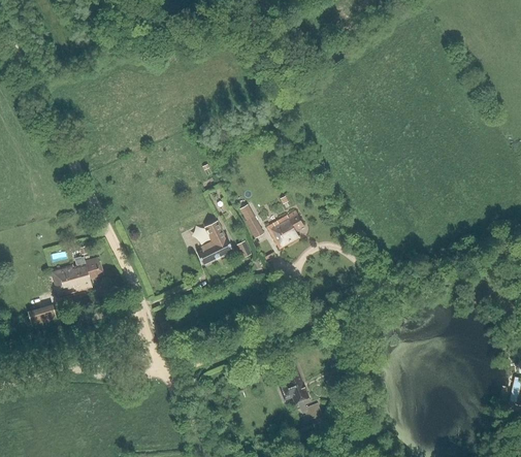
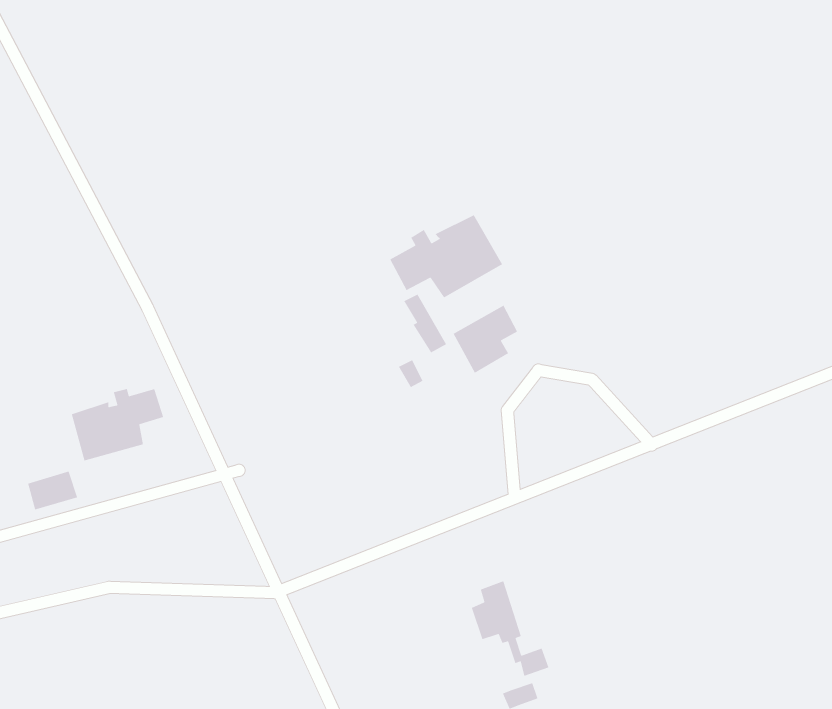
building: none -> [389,214,503,298]
building: [197,220,232,264] -> none

